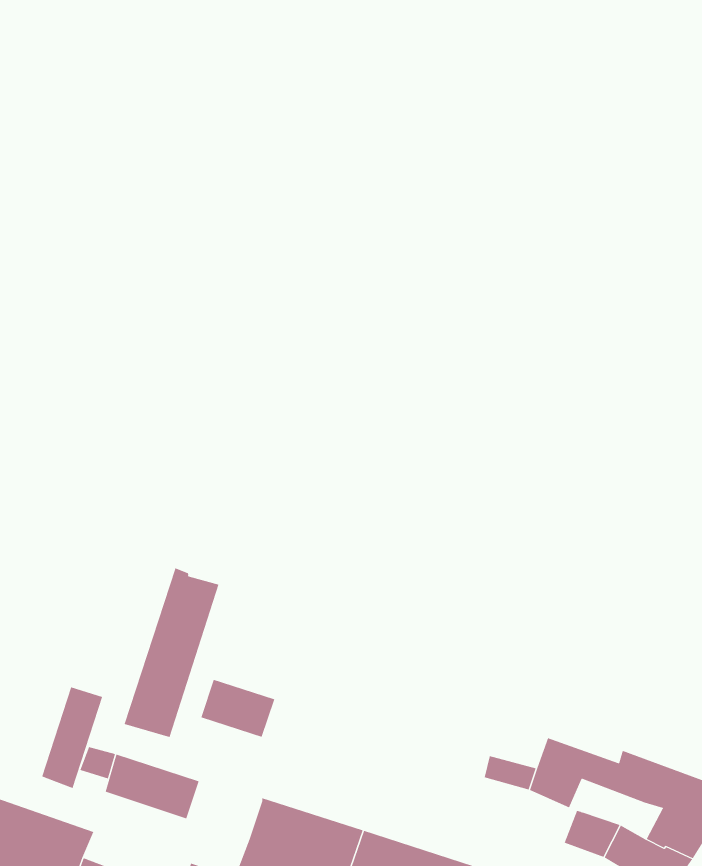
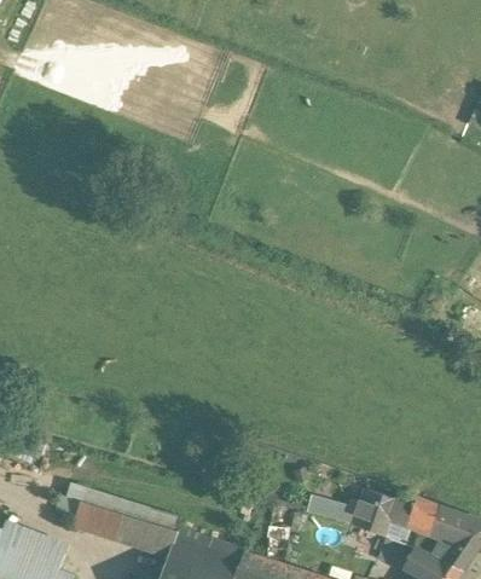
building: [124,567,219,738] -> none
building: [200,679,275,737] -> [129,520,179,558]
building: [42,686,103,789] -> none

